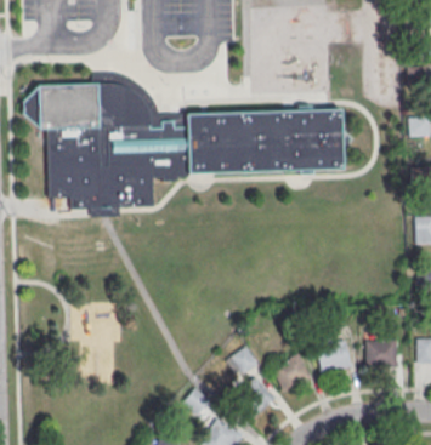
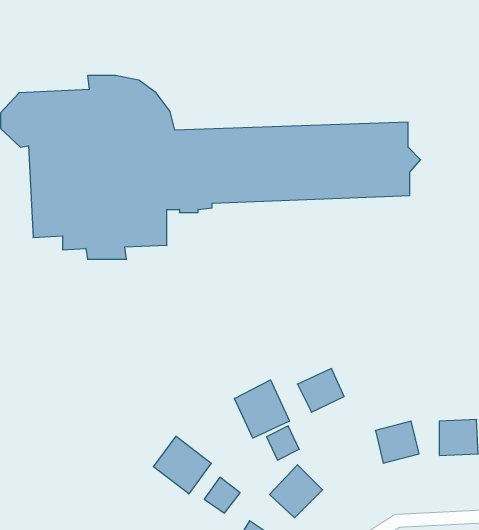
building: none -> [234,380,290,438]
building: none -> [153,436,211,494]
building: [273,356,310,390] -> [297,369,344,412]

